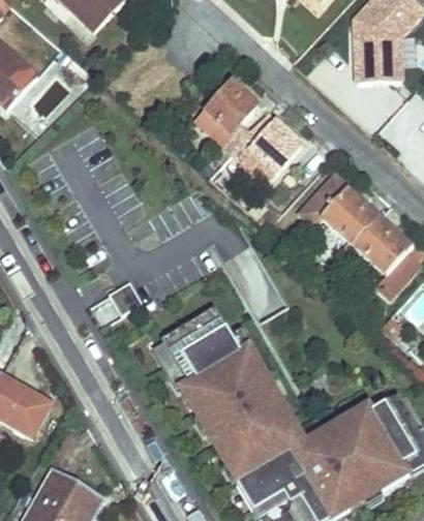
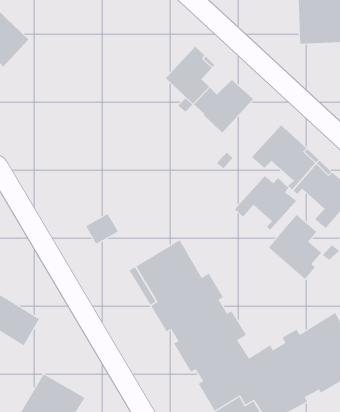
building: none -> [234,175,297,231]
building: none -> [268,214,322,280]

